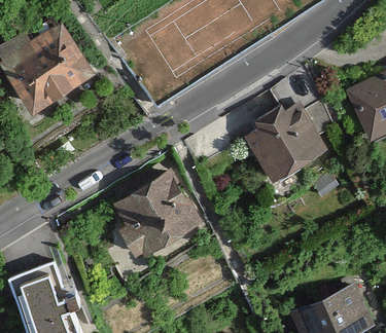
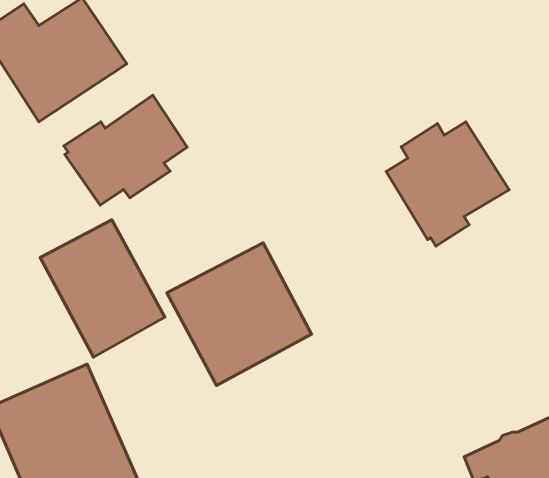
building: none -> [64,95,187,205]
building: none -> [40,220,165,357]

